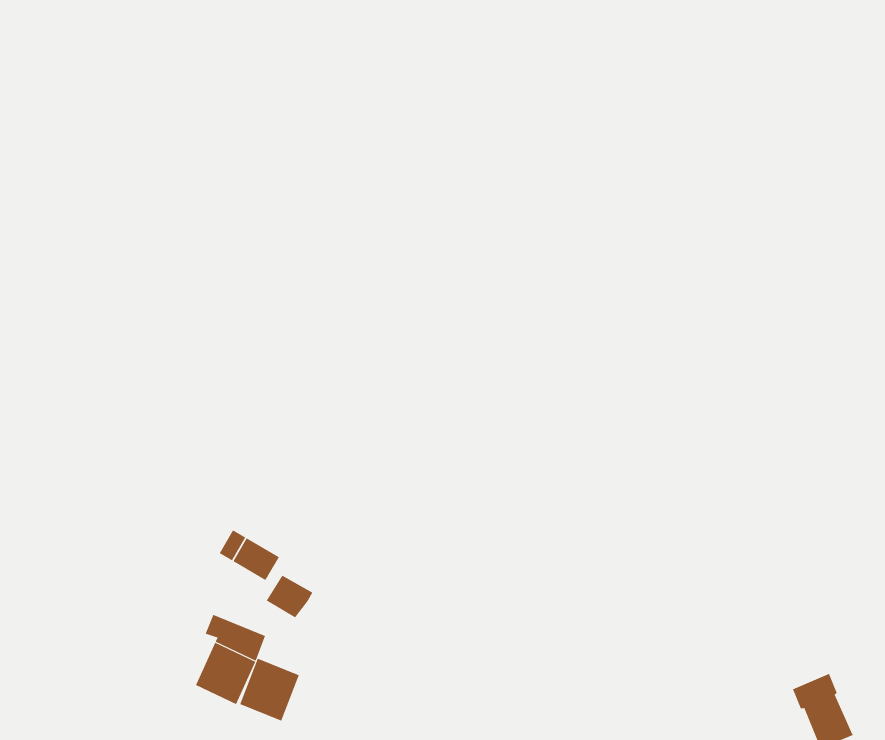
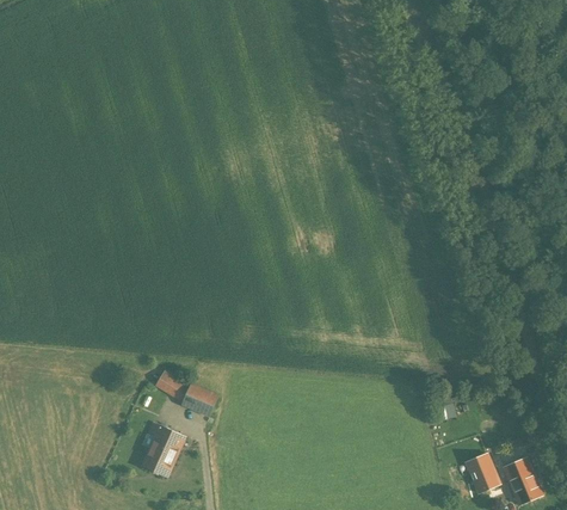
building: [239,658,299,721] -> none
building: none -> [466,454,499,492]

